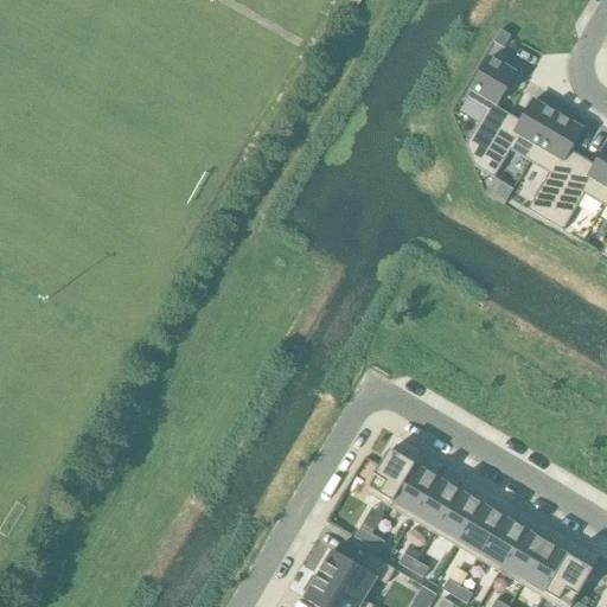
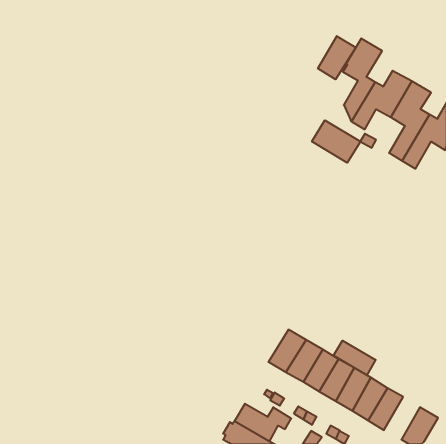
building: none -> [318,36,356,79]
building: none -> [312,120,360,163]
building: none -> [333,341,376,375]
building: [522,538,570,596] -> none

